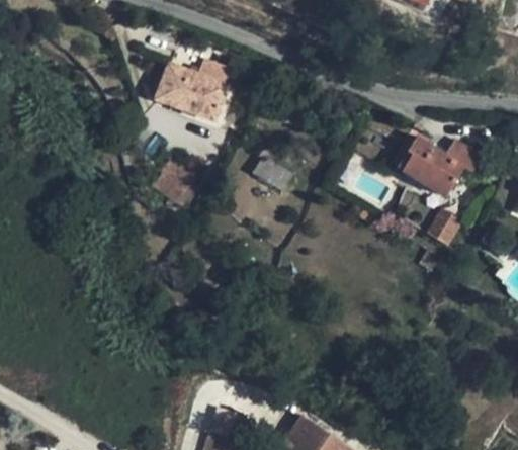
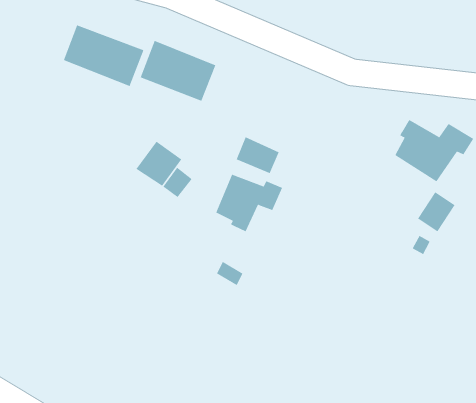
building: none -> [63,24,144,87]
building: none -> [216,174,283,232]

